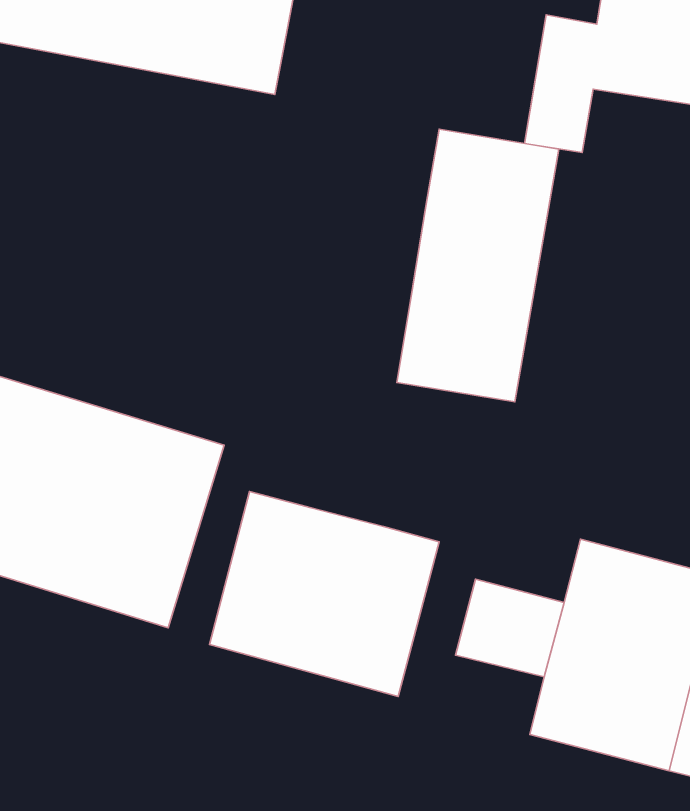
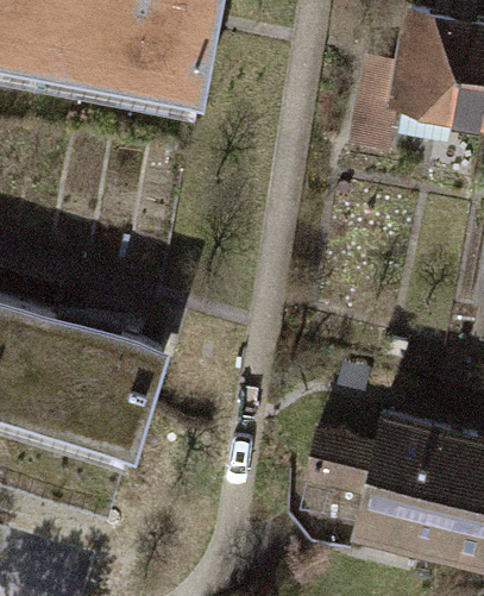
building: [397,129,559,402] -> none
building: [209,491,439,697] -> none

